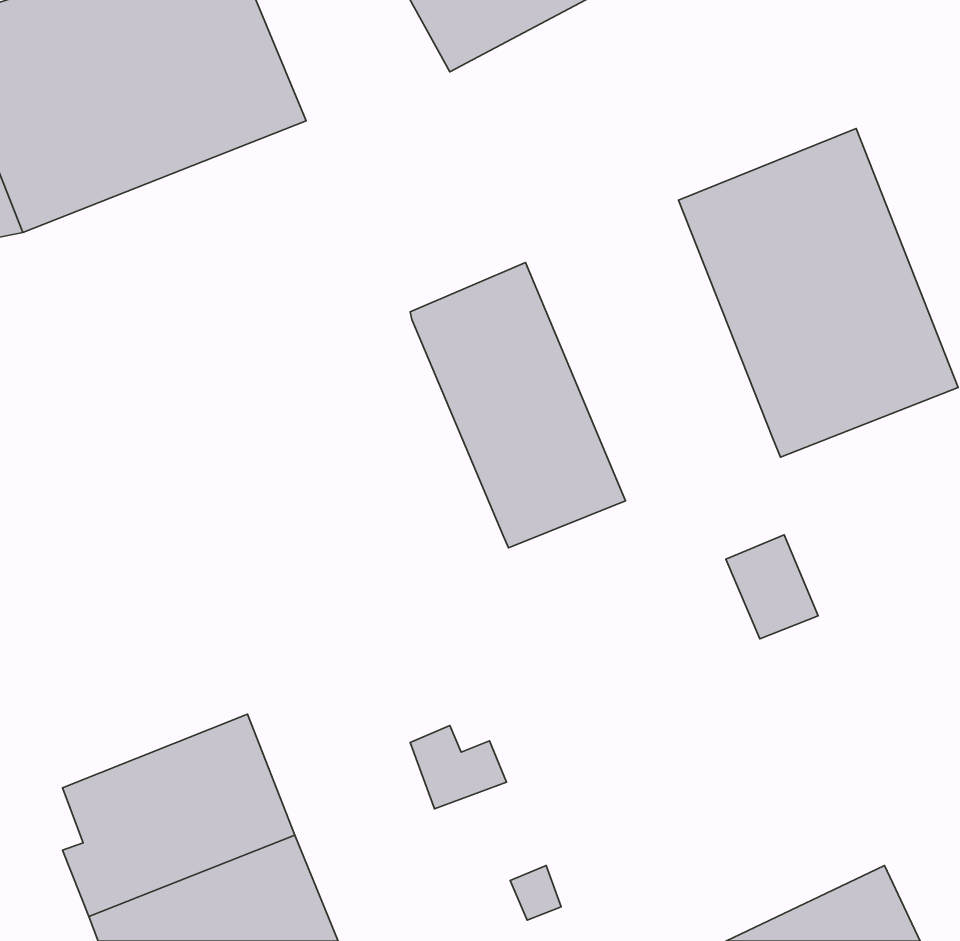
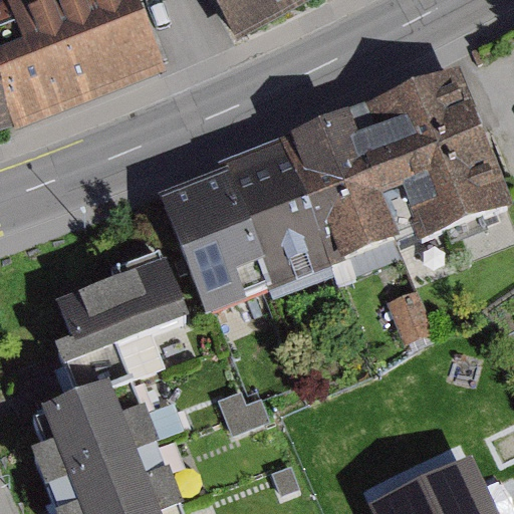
building: none -> [279,106,411,266]
building: none -> [156,170,267,311]
building: none -> [59,260,188,358]

